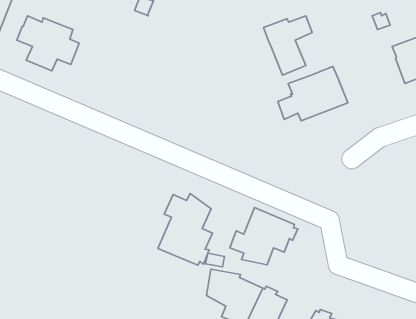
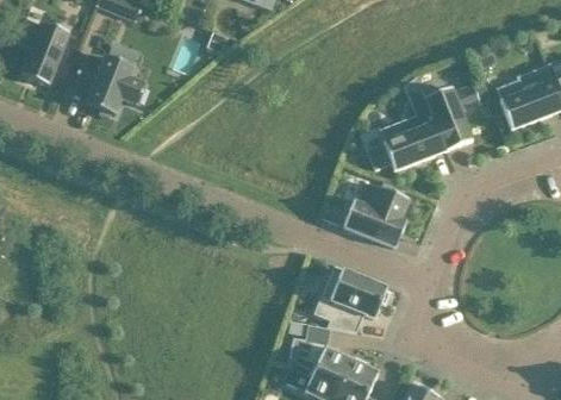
building: [263,16,312,75] -> [425,85,480,151]
building: none -> [343,181,409,248]
building: [158,193,212,265] -> none

